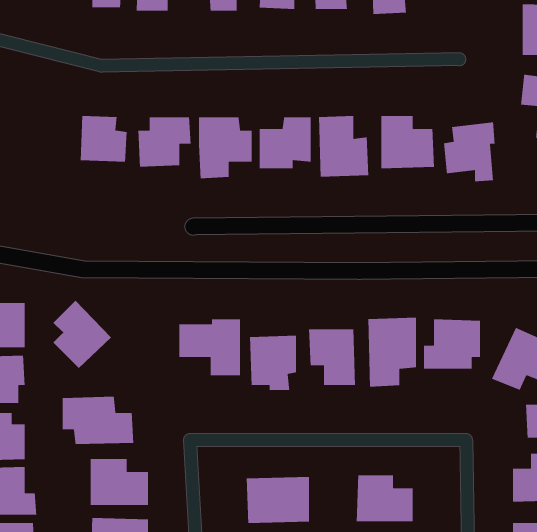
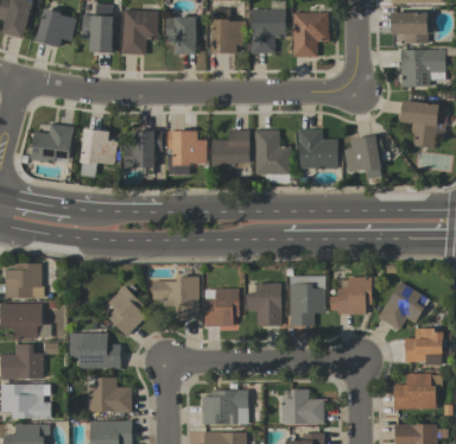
building: none -> [31,123,72,163]
building: [53,300,112,369] -> [107,286,150,336]

